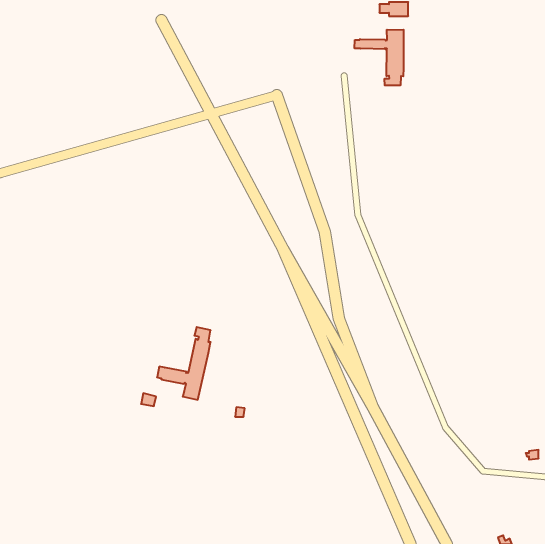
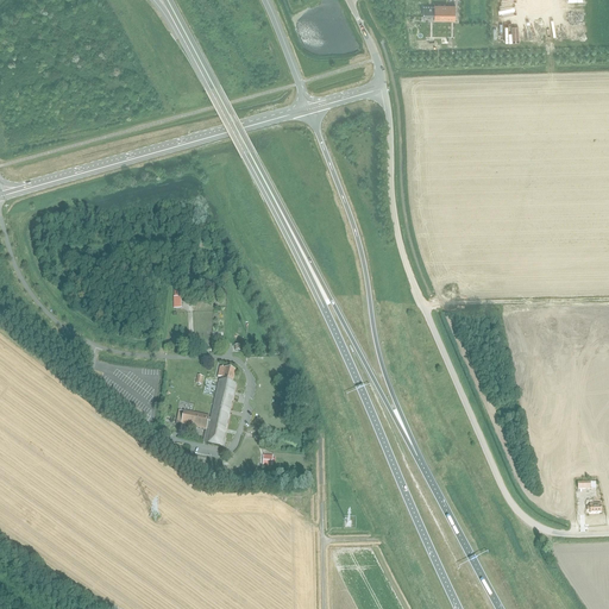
building: [355,30,404,85] -> none

